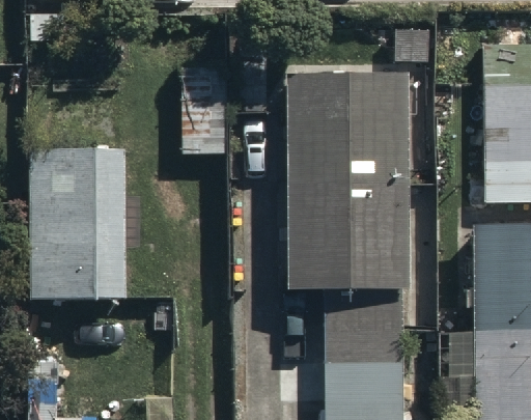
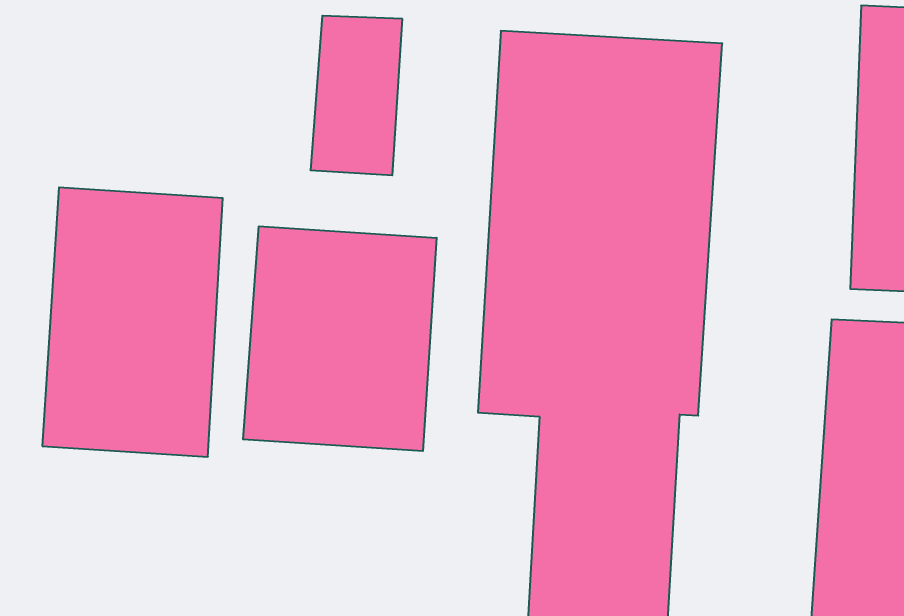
building: none -> [243,226,437,451]

